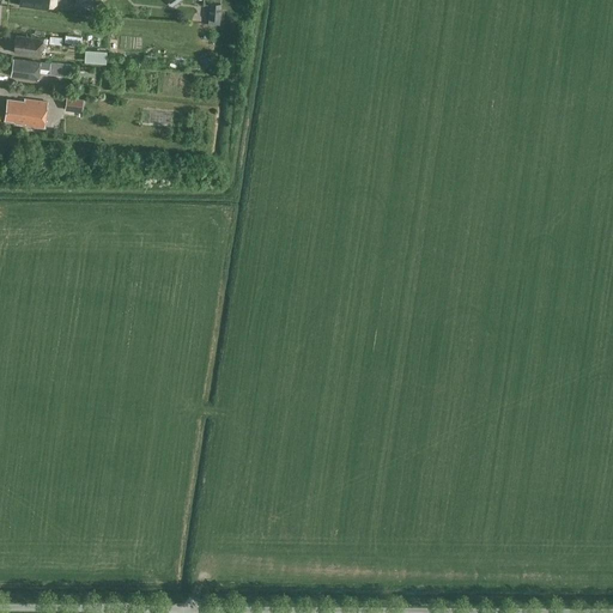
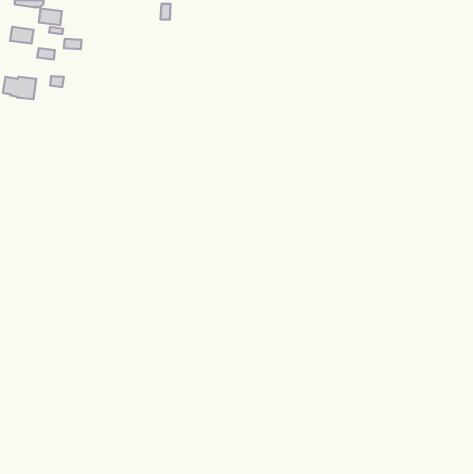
building: [10,59,40,80] -> [39,8,62,25]

